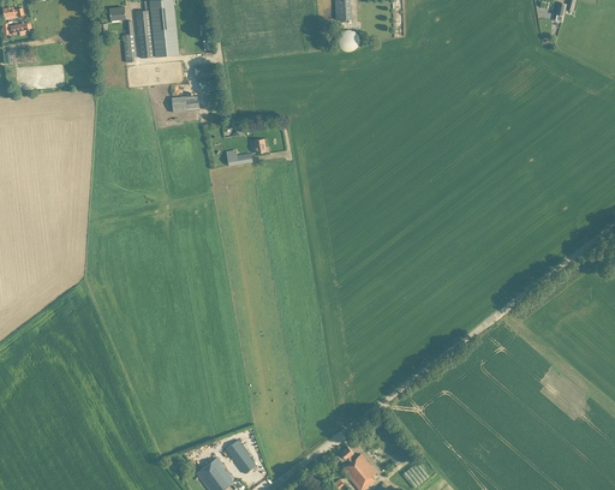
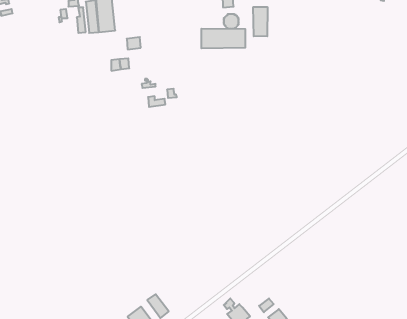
building: none -> [253,7,267,36]
building: none -> [201,29,245,48]

